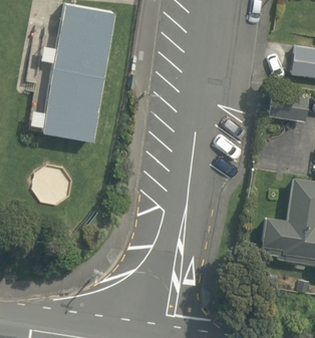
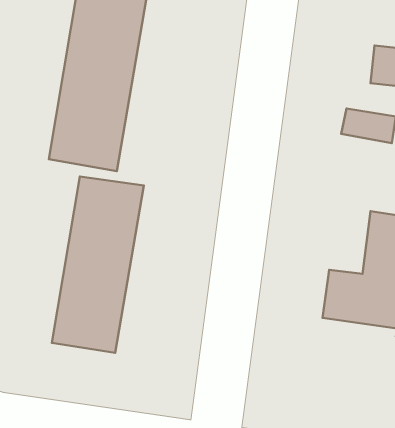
building: none -> [52,176,144,353]

